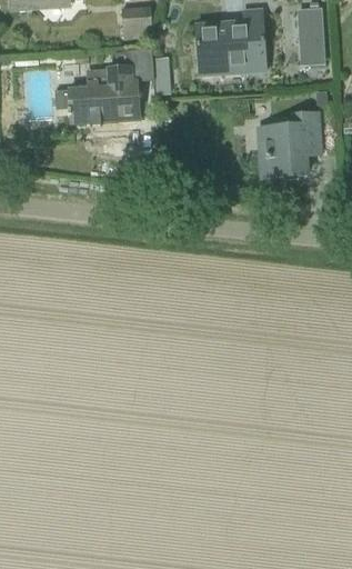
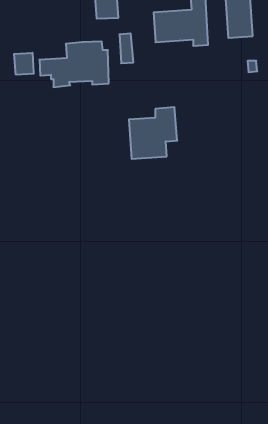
building: none -> [14,53,34,75]
building: [260,111,321,177] -> [129,107,177,159]

